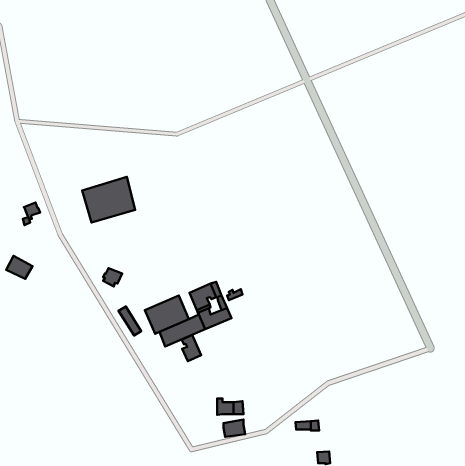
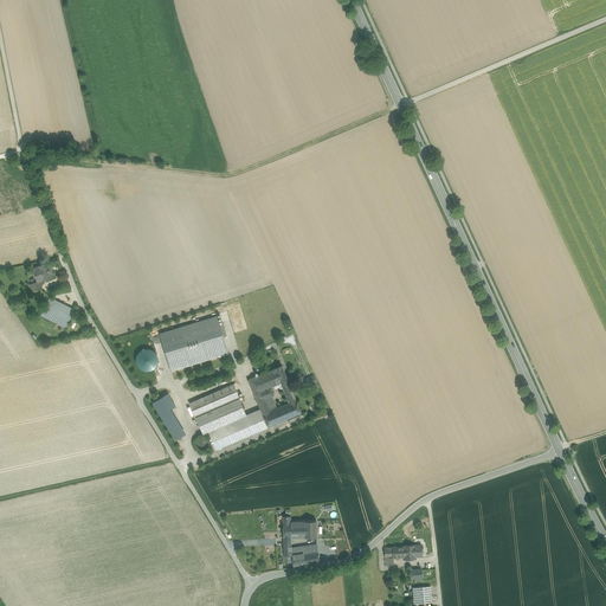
building: [82,177,135,223] -> [159,314,227,373]
building: [6,256,33,279] -> [39,297,73,327]
building: [182,335,201,361] -> none

